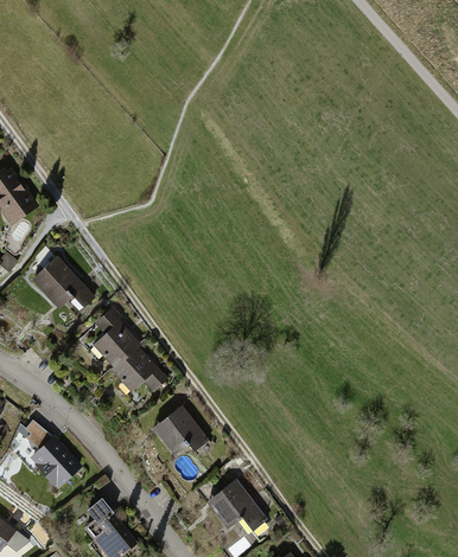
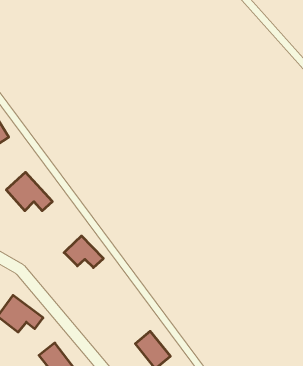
building: [94,308,140,366] -> none
building: [153,408,202,455] -> none

